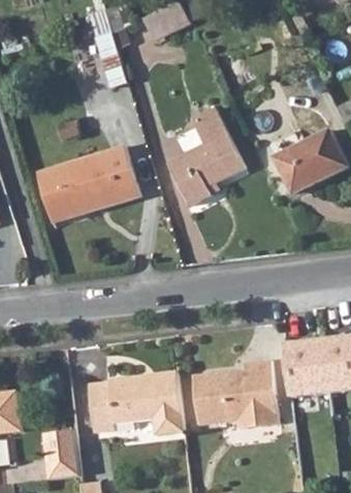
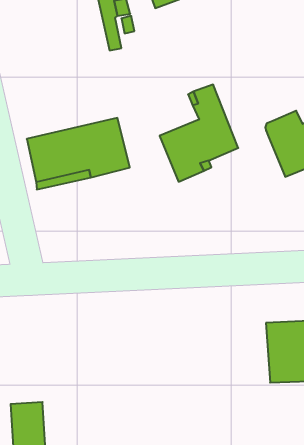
building: [192,359,277,429] -> none
building: [89,371,183,435] -> none

